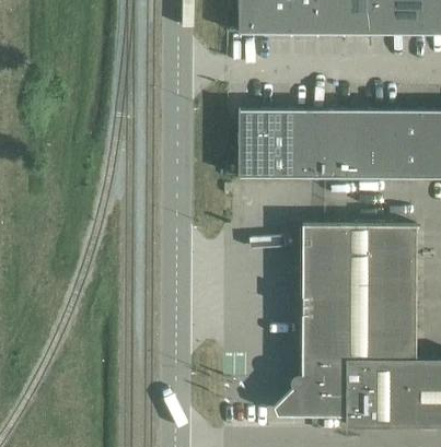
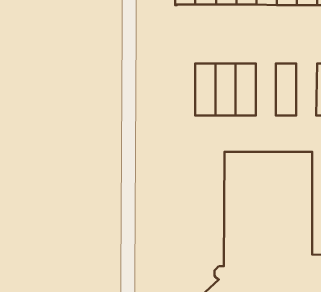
building: [239,109,265,177] -> none
building: [344,109,370,177] -> none
building: [396,109,423,177] -> none

